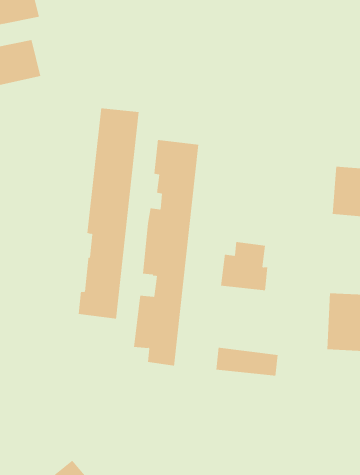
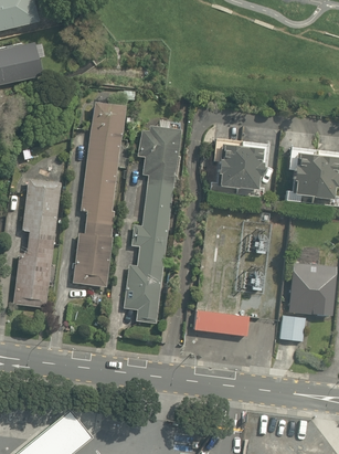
building: none -> [13,177,63,306]
building: [220,242,268,291] -> [218,147,259,190]
building: none -> [282,315,305,339]

